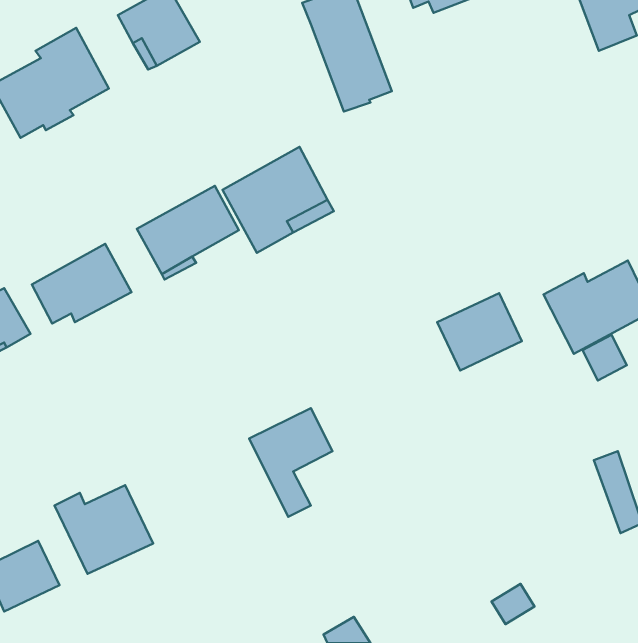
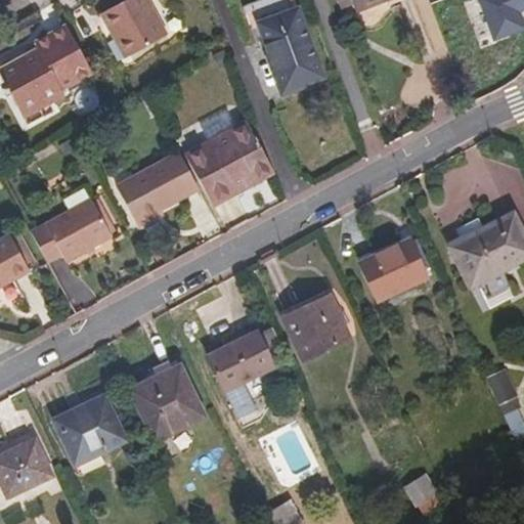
building: none -> [282,295,351,360]
building: none -> [130,364,207,441]

